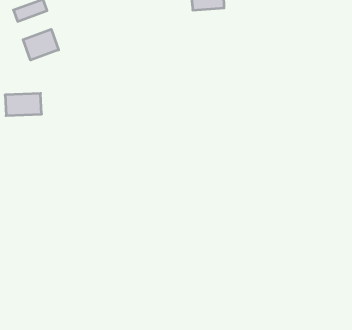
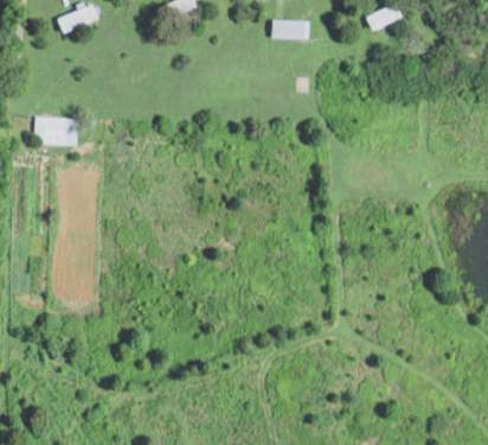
building: [23,29,59,60] -> none

